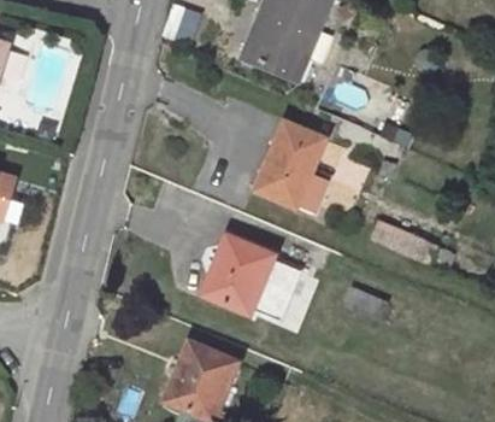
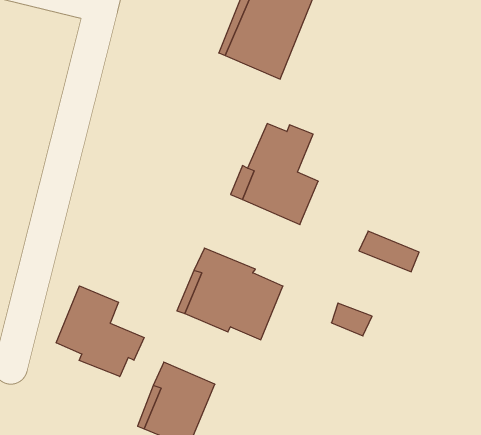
building: none -> [56,286,144,377]

